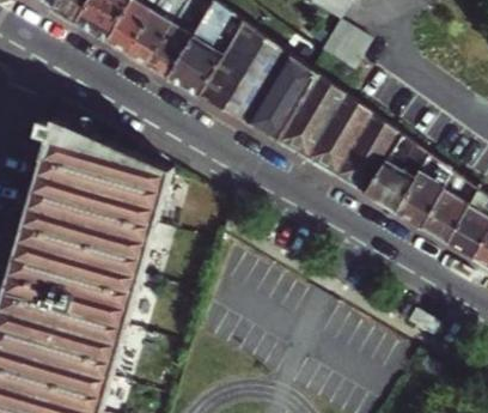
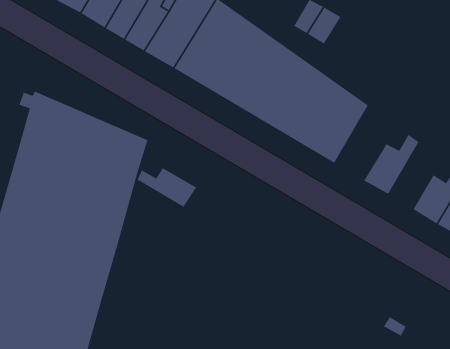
building: [364,132,428,211] -> none
building: [420,170,476,241] -> none
building: none -> [136,167,197,208]

